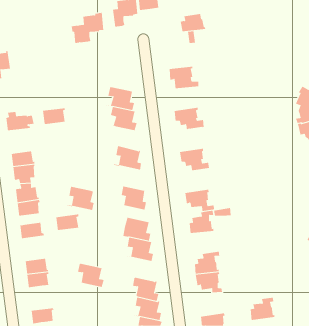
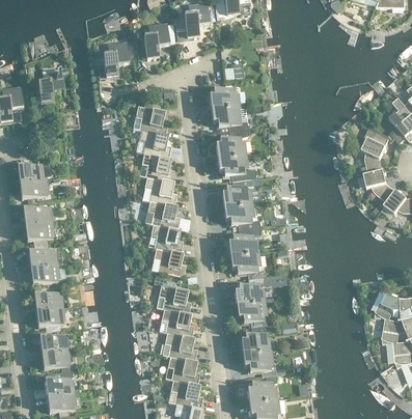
building: [180,14,206,32] -> [209,86,240,108]
building: none -> [29,68,63,107]
building: none -> [133,100,167,134]
building: none -> [215,129,248,158]
building: [42,108,66,124] -> [19,178,47,198]
building: none -> [141,176,176,205]
building: none -> [221,177,252,206]
building: none -> [227,226,260,255]
building: [66,186,95,211] -> [147,223,182,252]
building: [55,214,79,230] -> [35,306,63,326]
building: none -> [236,301,266,323]
building: [76,263,104,288] -> [162,332,196,361]
building: none -> [45,370,74,395]
building: [250,297,275,321] -> [247,374,277,402]

